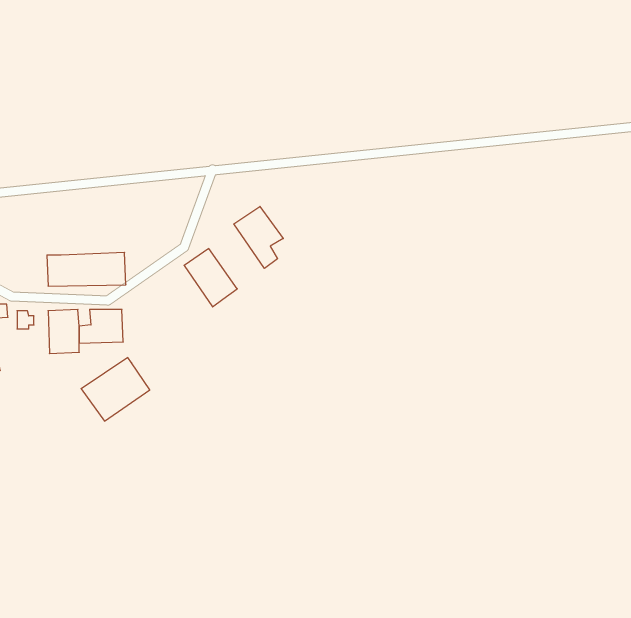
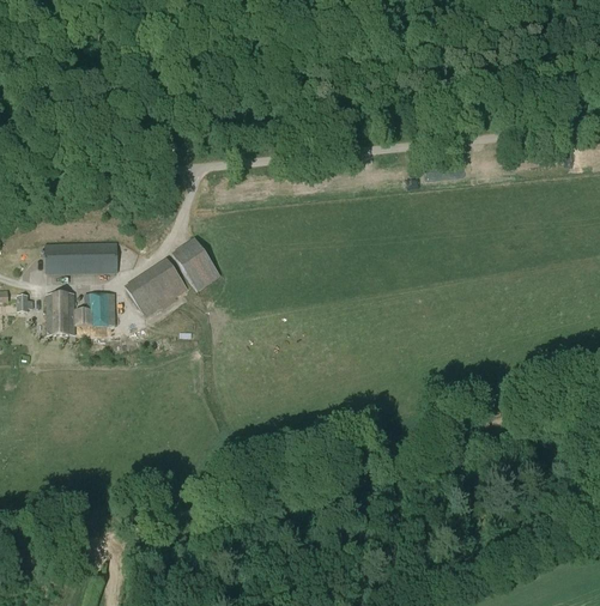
building: [234,206,283,268] -> none
building: [81,358,150,421] -> [123,259,187,317]

